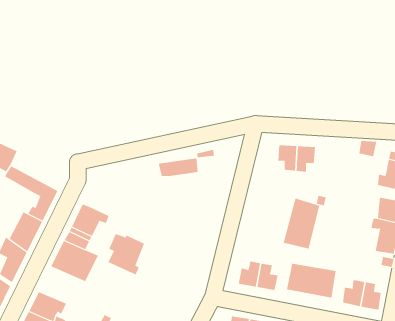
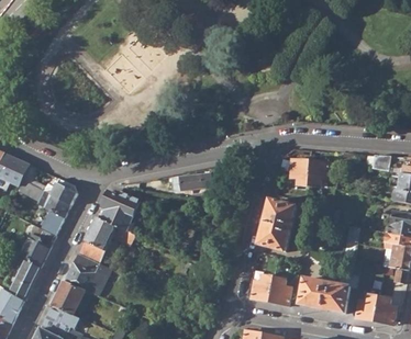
building: none -> [23,166,76,205]
building: [283,198,320,249] -> [258,200,296,251]
building: [108,234,145,275] -> [101,192,138,234]
building: none -> [51,281,85,319]

